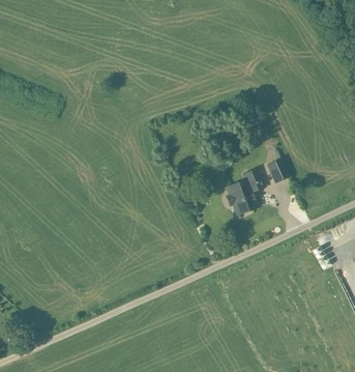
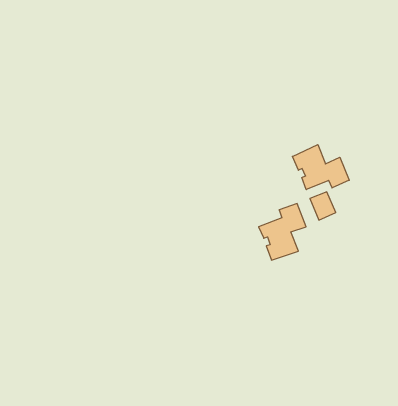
building: none -> [292,145,349,190]

